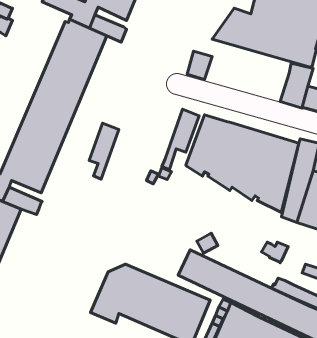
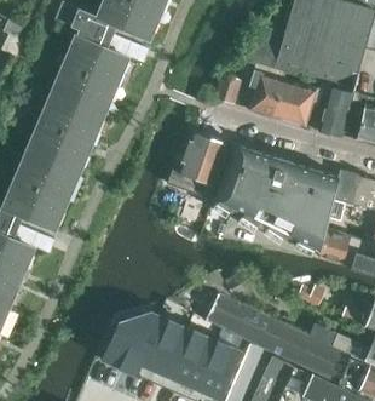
building: none -> [248,70,322,127]
building: [89,123,119,179] -> [178,131,210,193]

